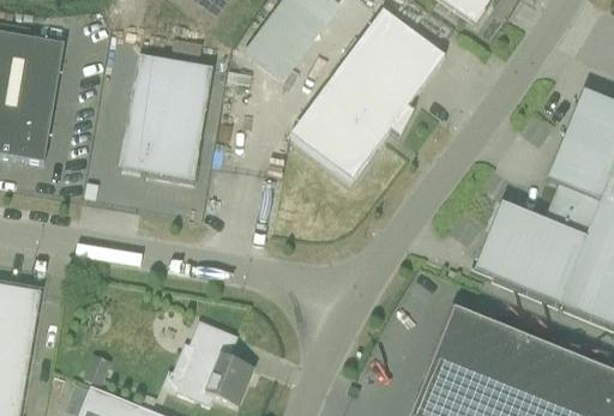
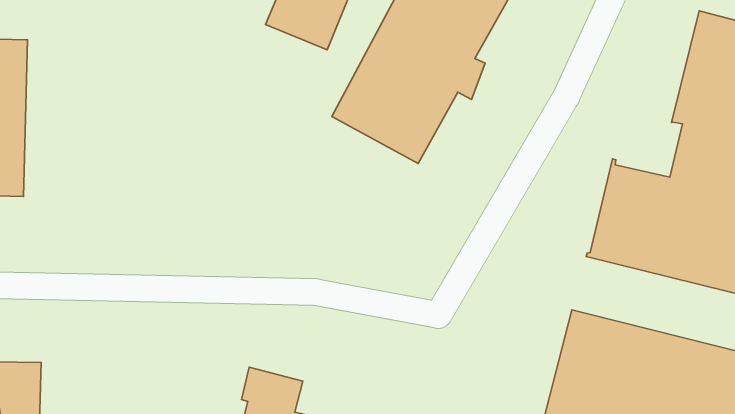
building: [118,54,212,180] -> none

